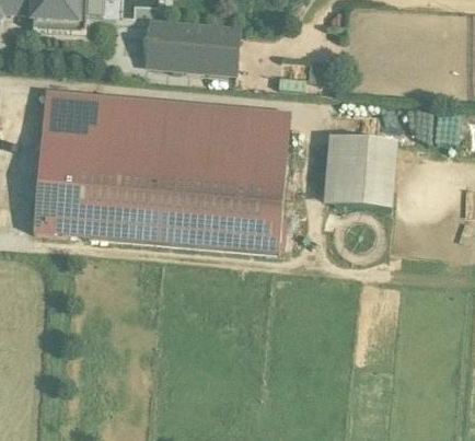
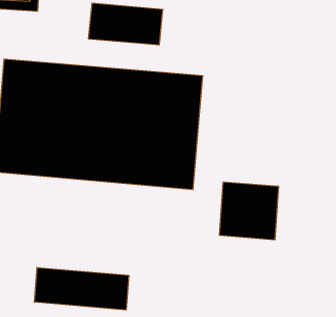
building: [324,138,397,209] -> [219,182,279,240]
building: none -> [35,267,129,310]

